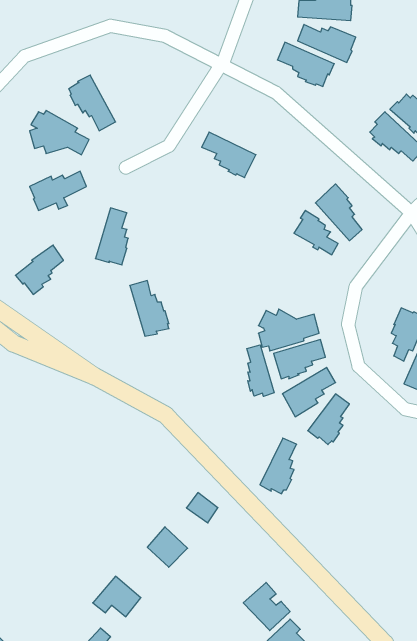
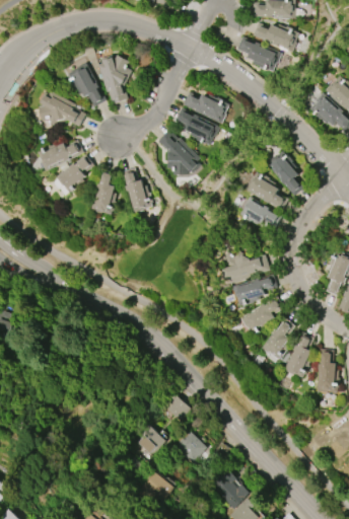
building: none -> [97,56,132,103]
building: none -> [182,92,227,124]
building: none -> [157,131,200,176]
building: none -> [238,197,281,228]
building: [15,245,63,294] -> [55,154,93,194]
building: [130,281,169,336] -> [120,168,151,213]
building: [247,345,274,396] -> none
building: none -> [316,349,338,392]
building: [260,438,297,494] -> [283,332,312,377]
building: none -> [173,432,206,464]
building: [93,576,141,617] -> [134,471,172,504]

